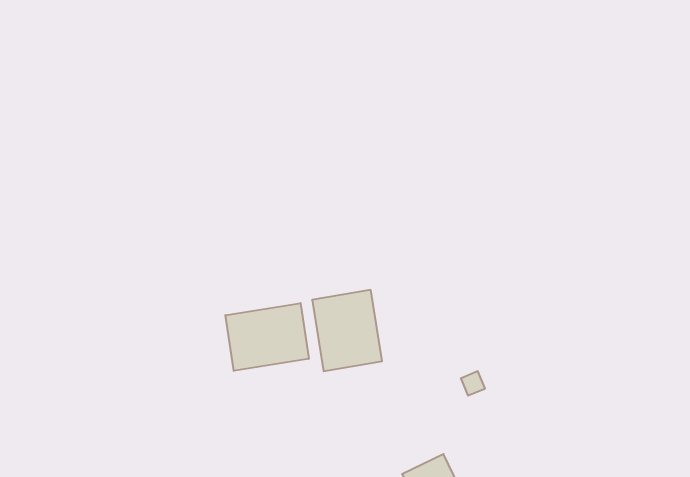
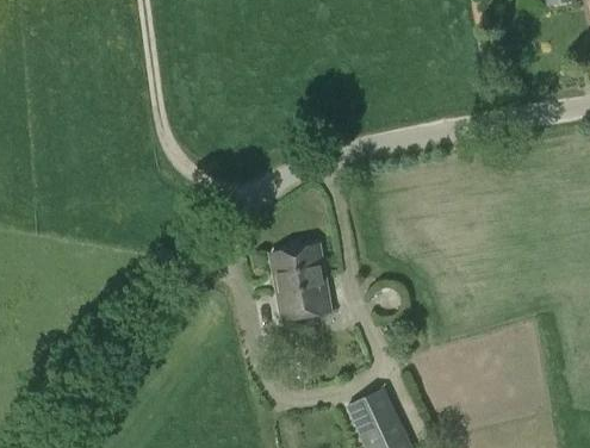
building: [225,303,309,371] -> none

